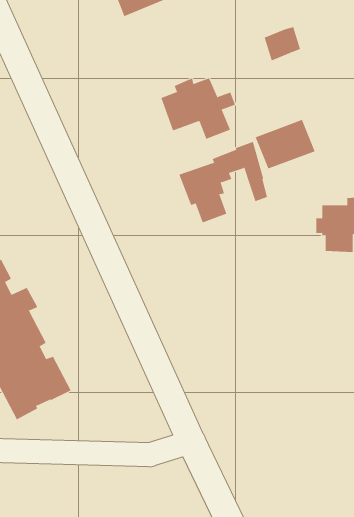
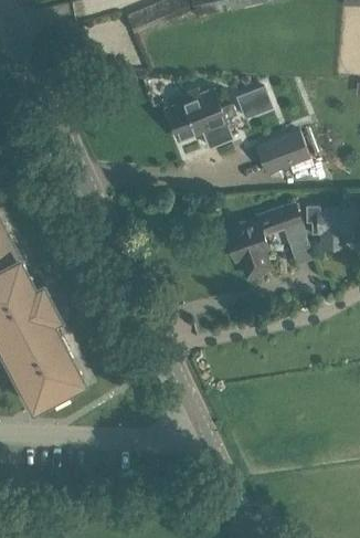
building: [264,27,301,61] -> [233,86,267,118]
building: [178,141,268,223] -> [224,202,307,278]

